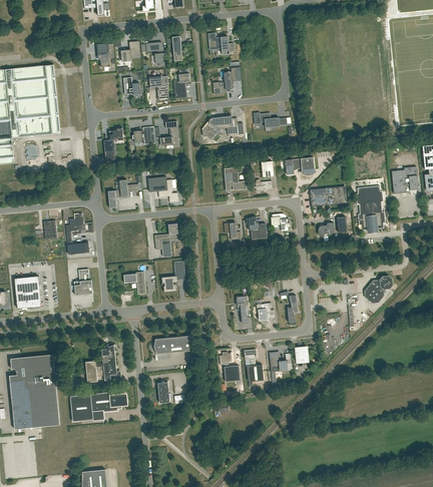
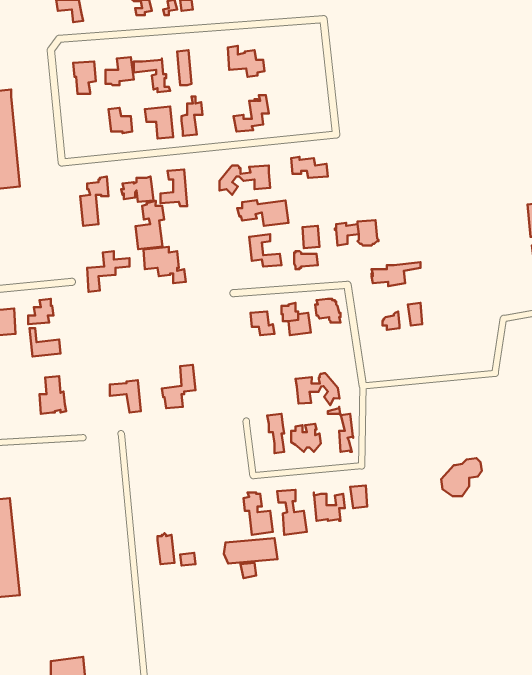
building: none -> [237,200,288,226]
building: none -> [136,201,164,249]
building: [391,166,417,194] -> none
building: [355,185,384,232] -> none
building: [153,223,181,257] -> none
building: none -> [296,373,340,405]
building: [363,276,392,303] -> [441,458,482,496]
building: [153,336,191,354] -> [224,538,277,564]
building: [85,345,116,383] -> none
building: [69,392,125,421] -> none

